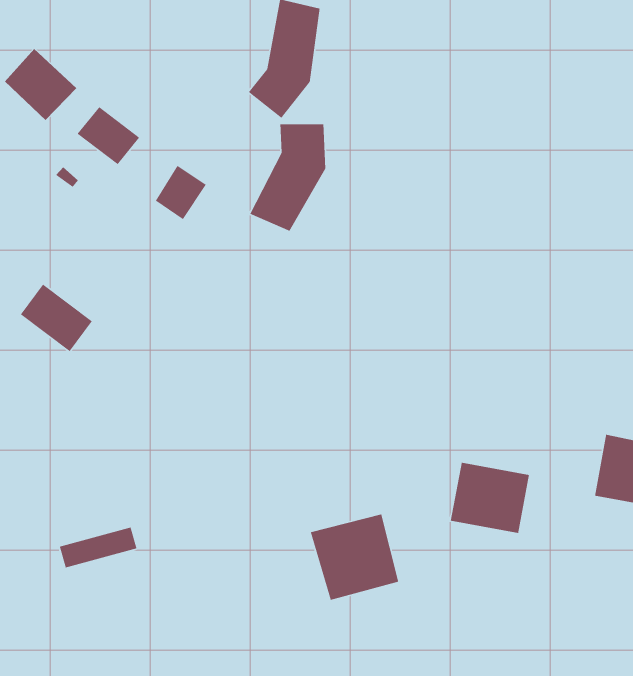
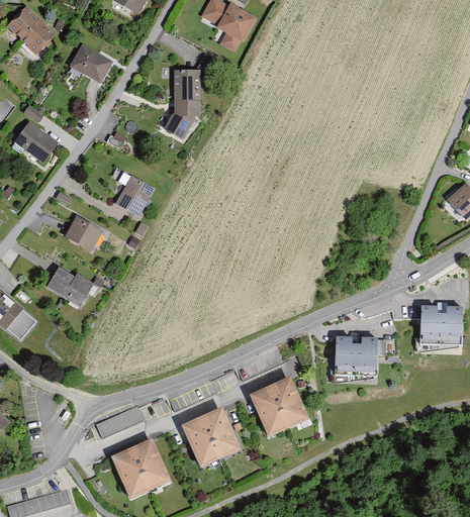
building: [77,106,140,165] -> [65,217,104,251]
building: [249,123,326,232] -> none
building: none -> [180,407,238,466]
building: none -> [109,438,168,497]

